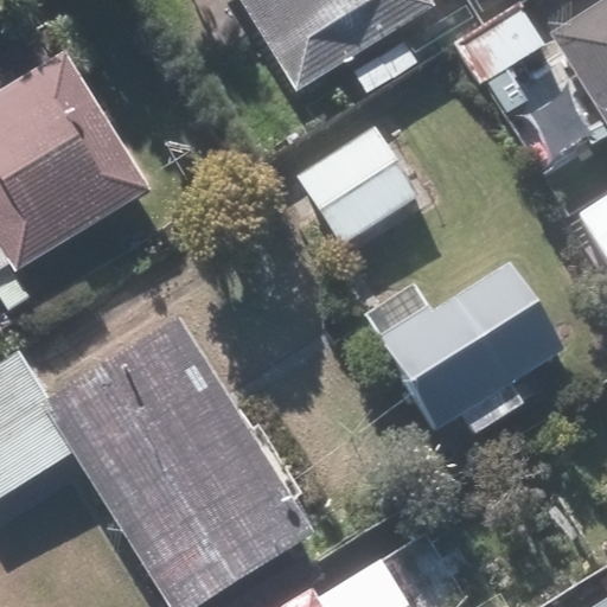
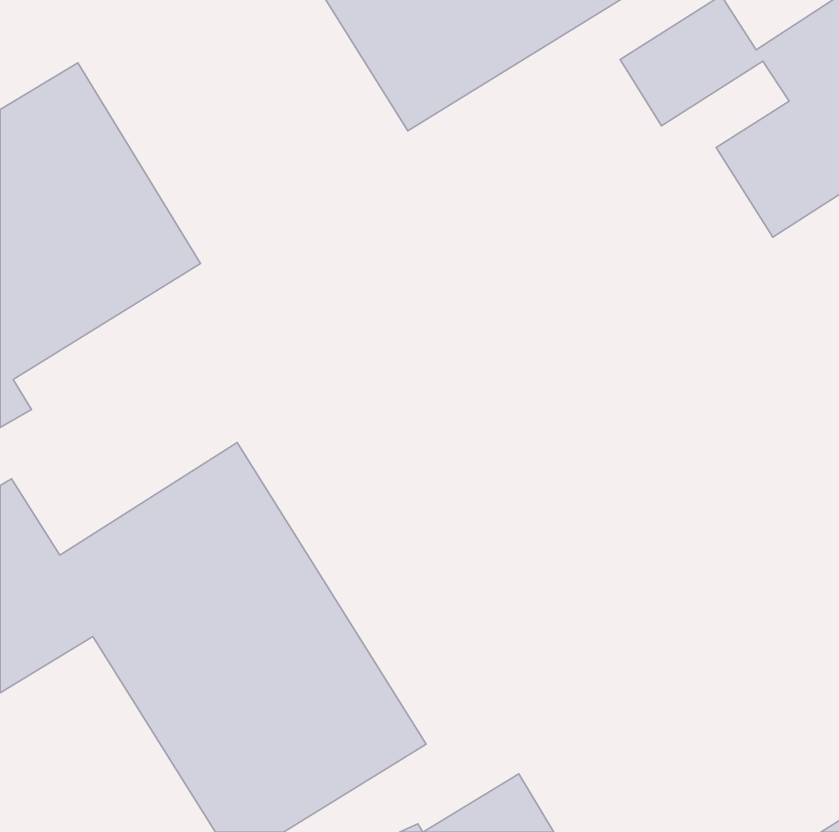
building: [294,121,421,244] -> none
building: [360,267,558,435] -> none

